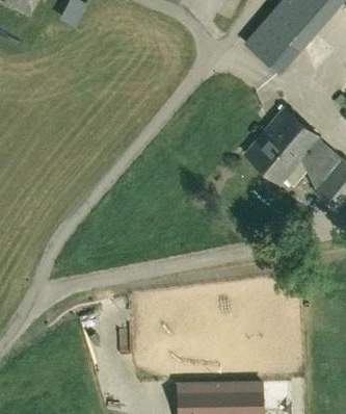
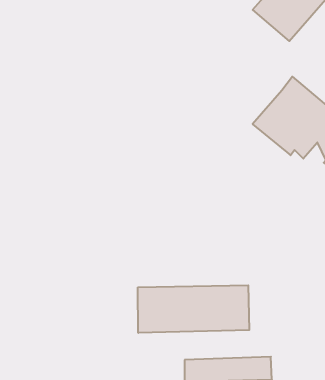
building: none -> [138,285,249,333]

